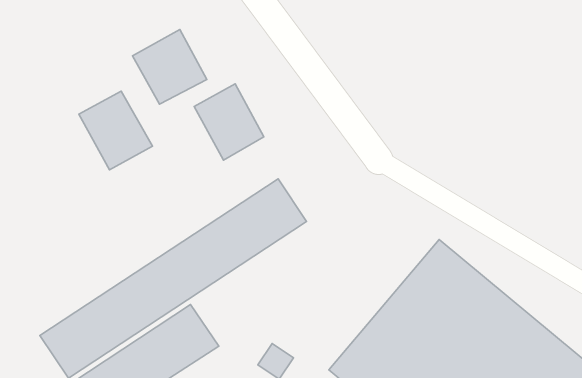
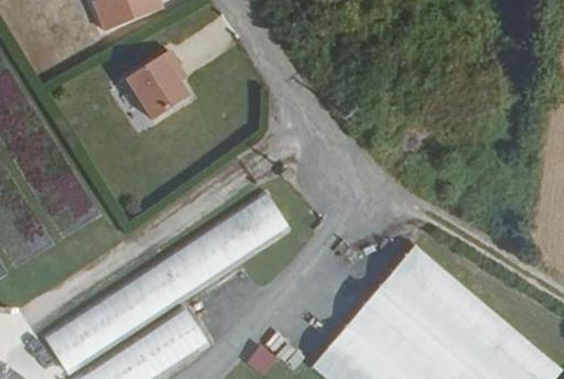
building: [194,84,264,160] -> none
building: [79,91,152,170] -> none

